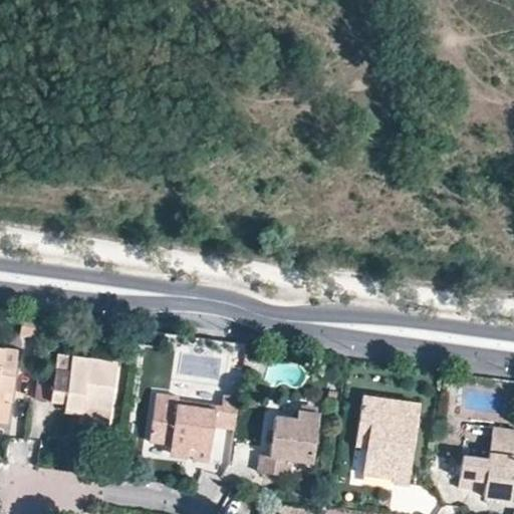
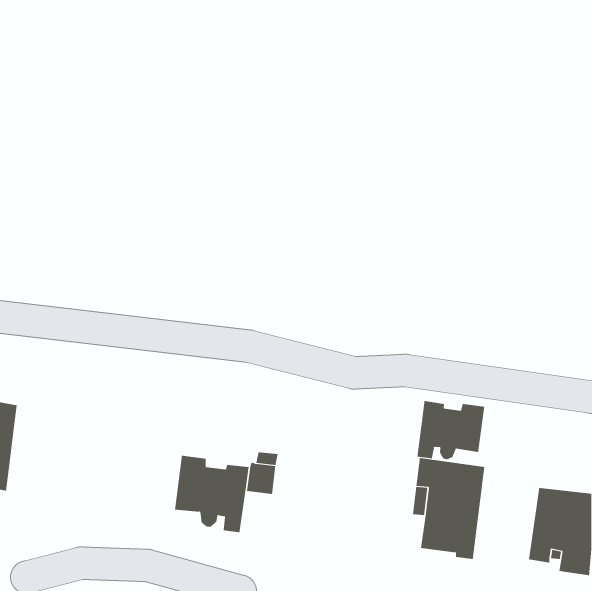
building: none -> [417,400,485,460]
building: [54,357,120,414] -> none
building: [258,412,320,478] -> none

